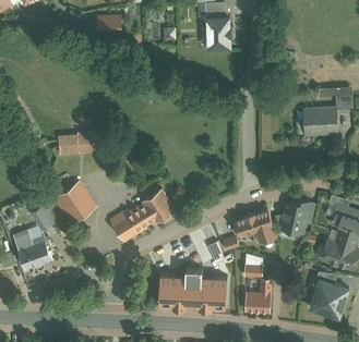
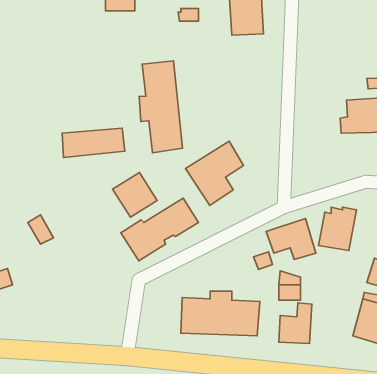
building: none -> [139,61,183,153]
building: none -> [186,141,244,205]
building: [57,185,95,223] -> [113,173,157,217]
building: [14,232,55,272] -> none

